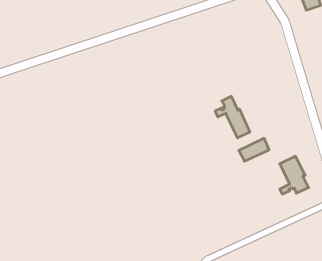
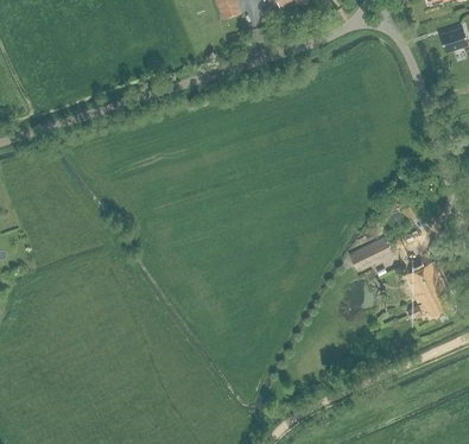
building: [215,96,250,138] -> none

